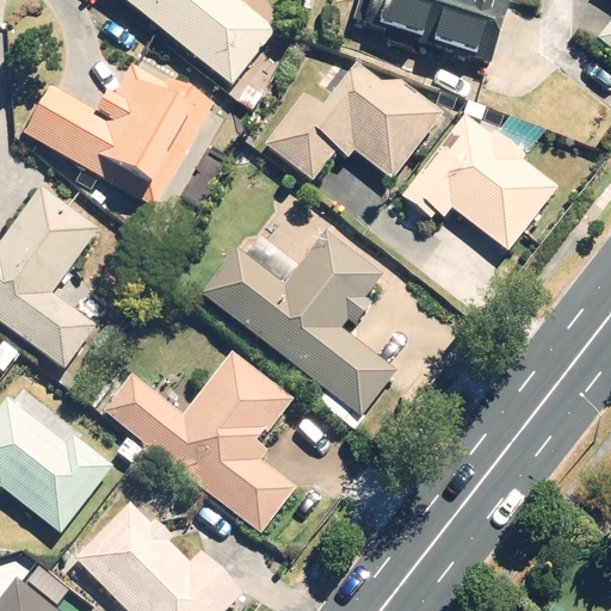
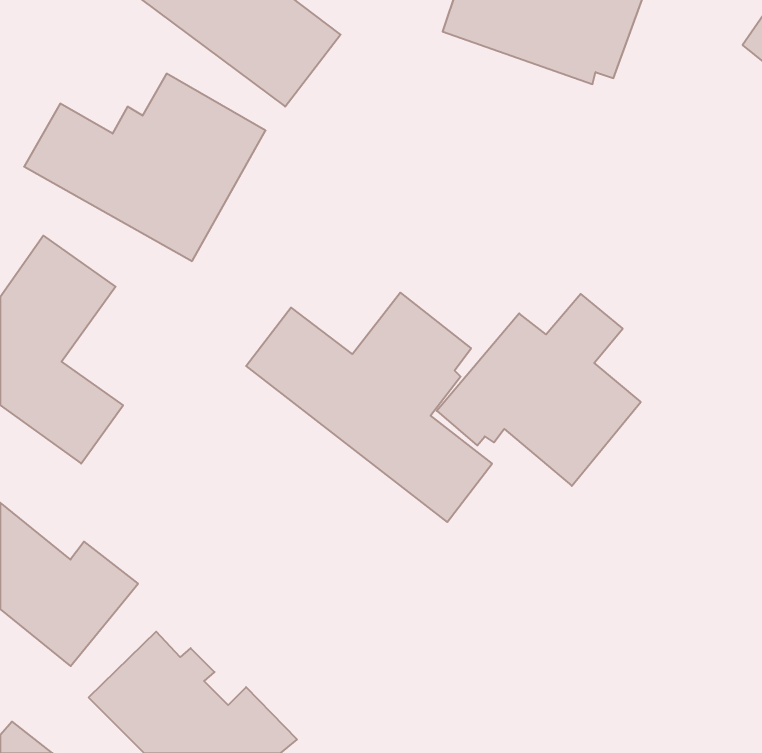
building: [260,48,446,185] -> none
building: [400,103,562,255] -> [437,294,641,486]
building: [103,352,297,533] -> none

